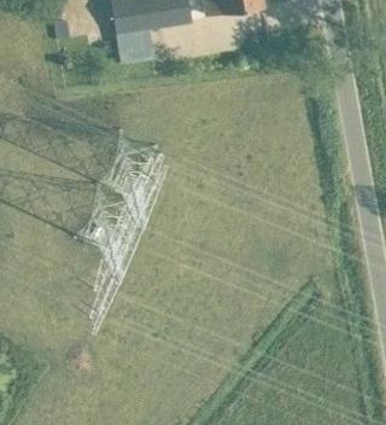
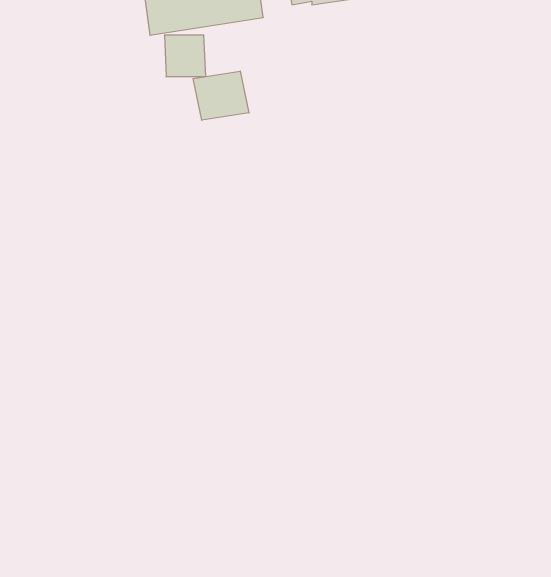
building: none -> [193,71,249,120]

